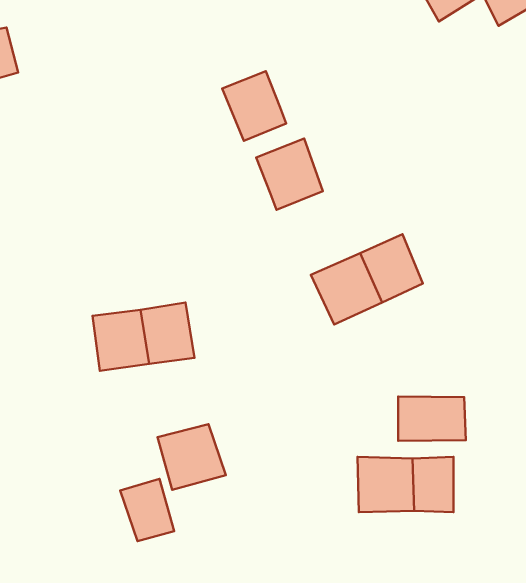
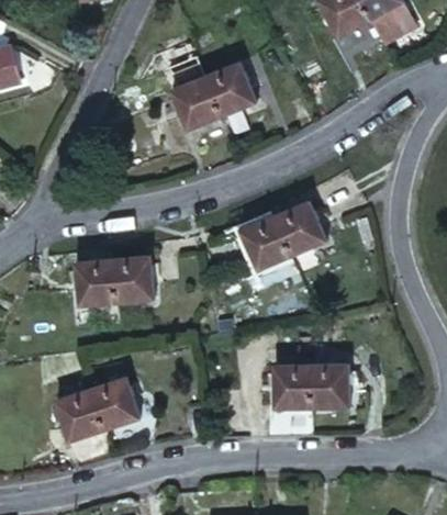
building: [256,139,323,210] -> [205,63,256,116]
building: [398,397,466,441] -> none
building: [157,424,226,490] -> [57,393,109,443]

